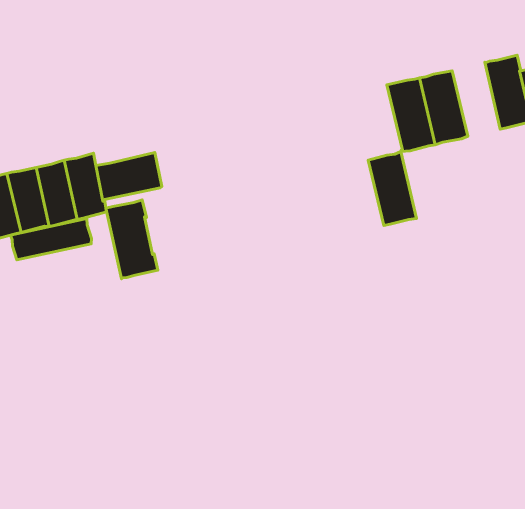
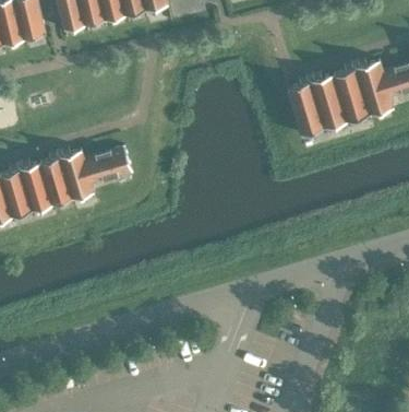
building: [368,152,416,225] -> [334,69,371,122]
building: [106,200,158,279] -> none
building: [11,218,91,260] -> none

